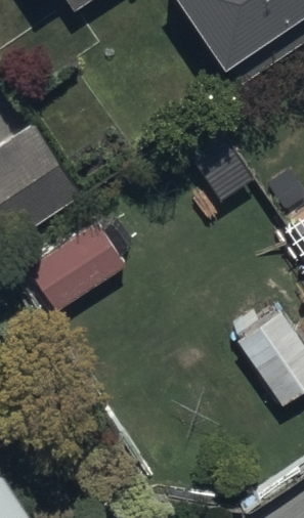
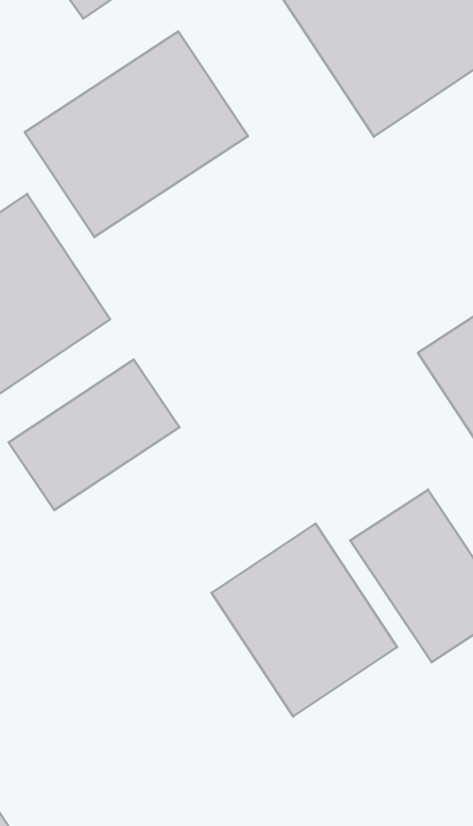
building: none -> [25,32,248,237]
building: none -> [212,524,397,716]

